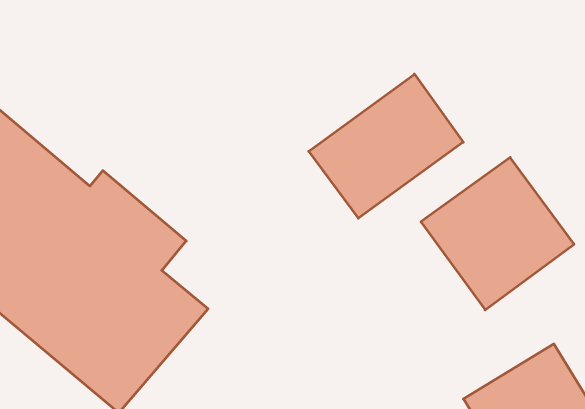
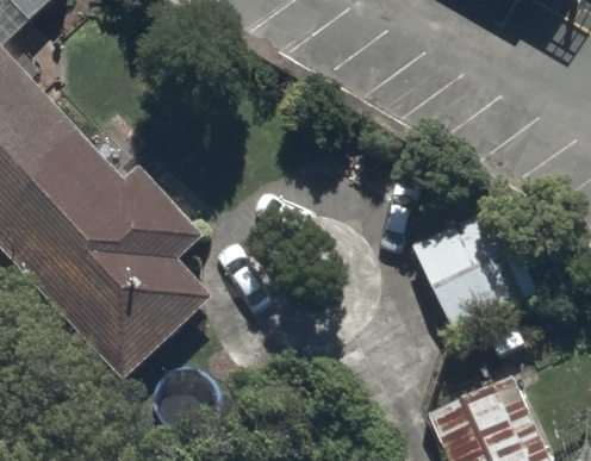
building: [309,74,463,218] -> none

